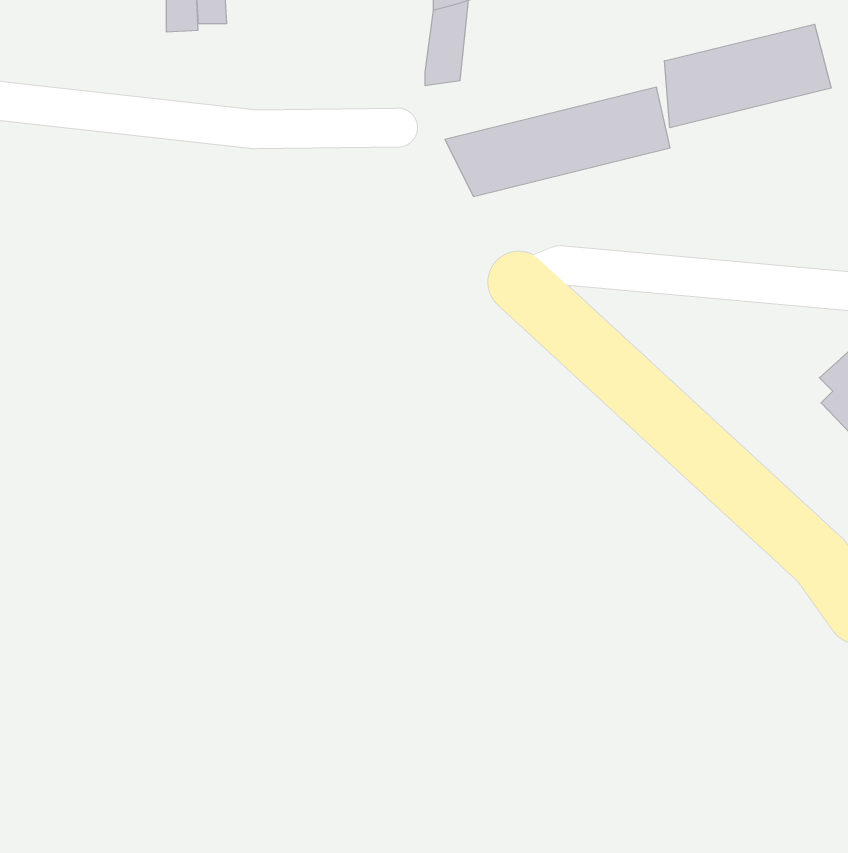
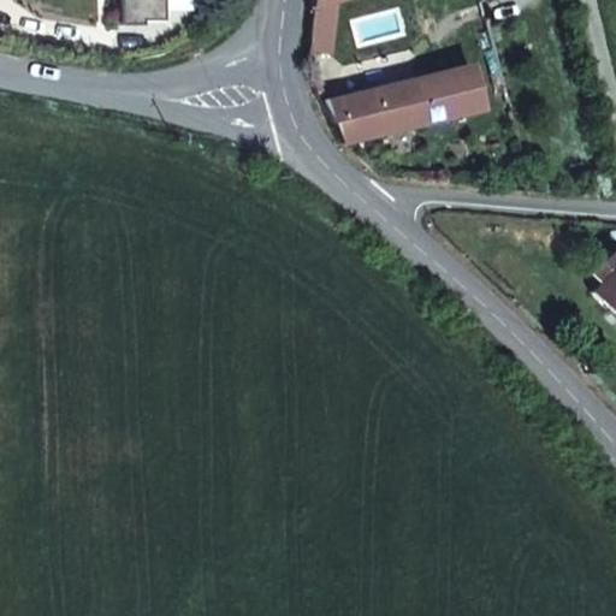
building: [664,24,831,128] -> none

